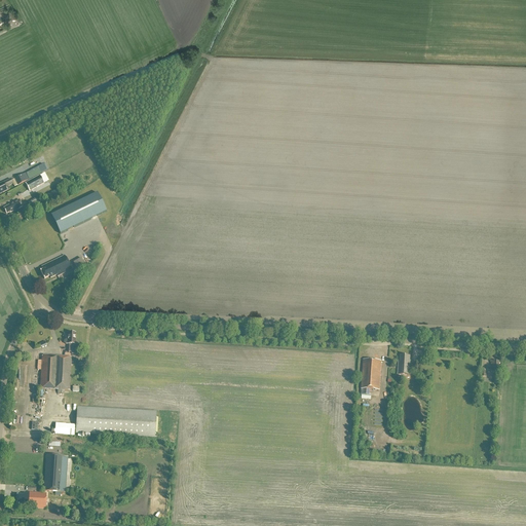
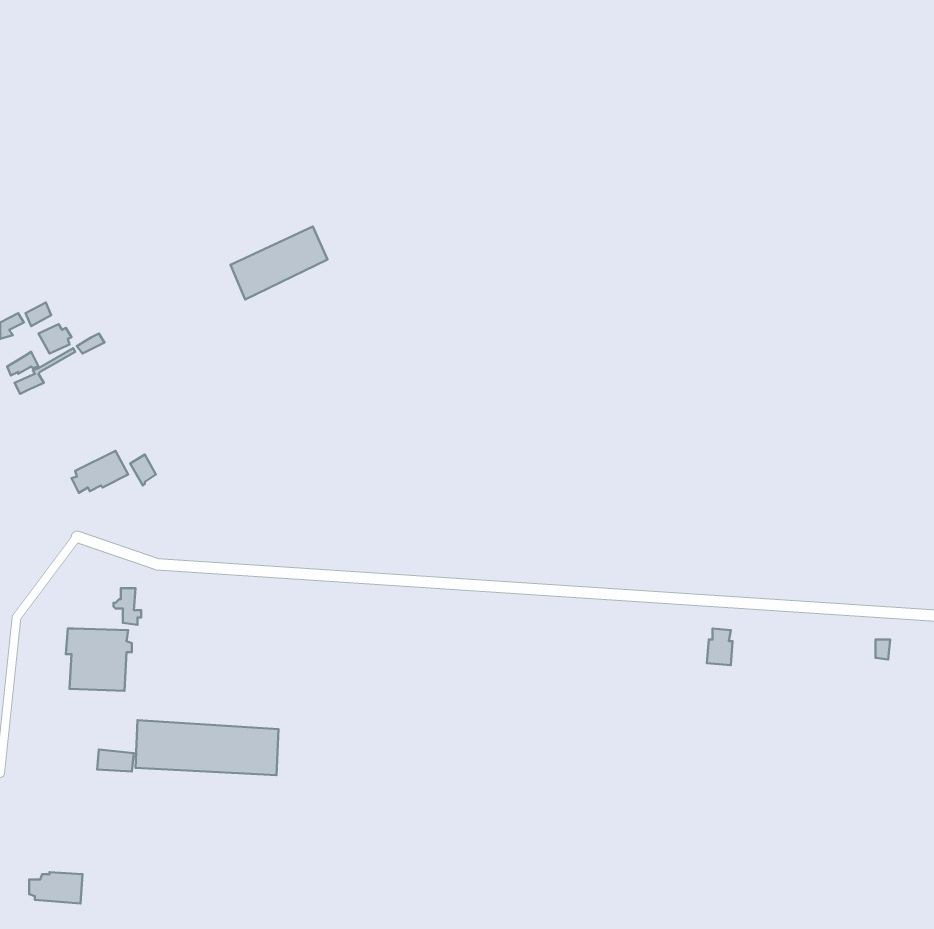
building: [52,190,107,231] -> [230,226,327,300]
building: [362,356,382,392] -> none
building: [44,453,69,490] -> none

